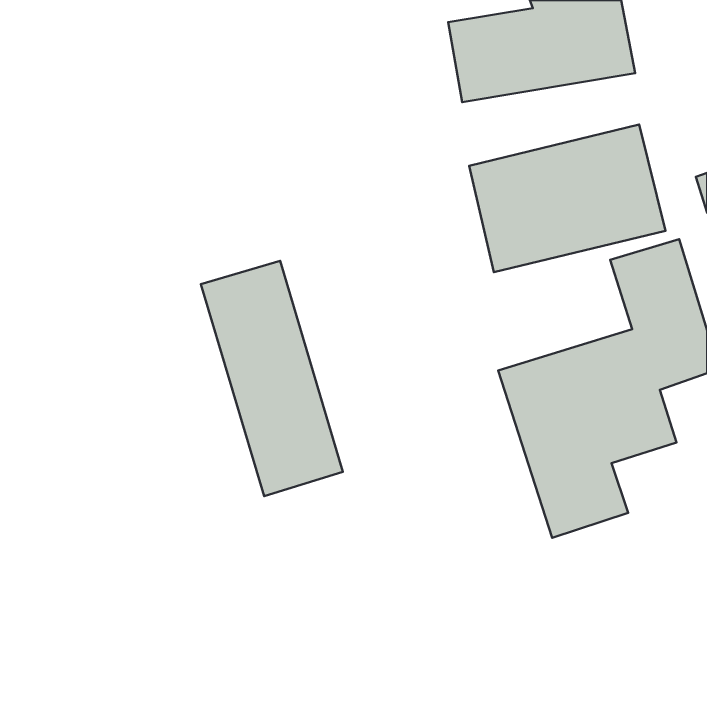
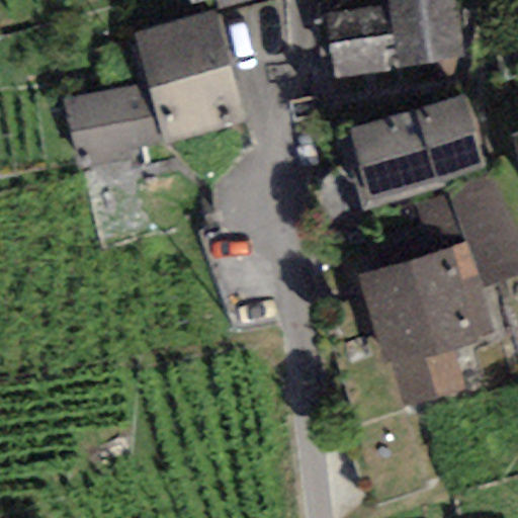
building: none -> [58,15,243,170]
building: [201,261,343,496] -> none

